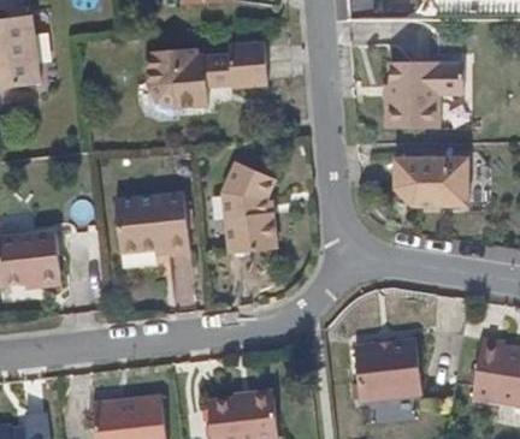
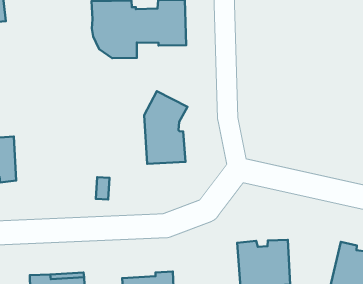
building: [385,58,466,125] -> none
building: [395,155,468,206] -> none
building: [120,194,195,251] -> none

